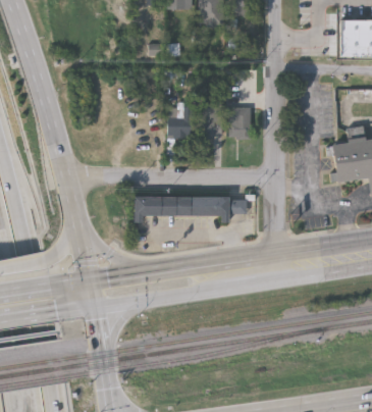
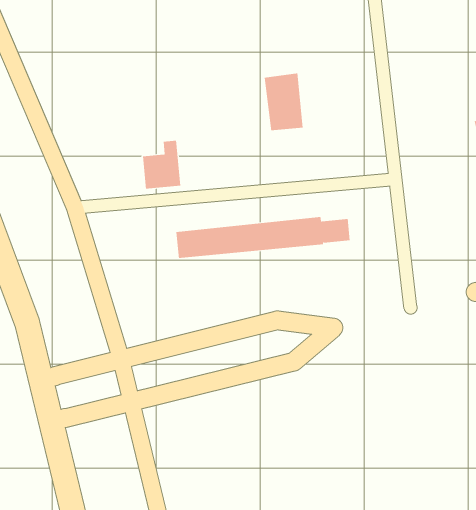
building: [229,107,252,139] -> none
building: [168,108,192,138] -> [142,140,181,189]

